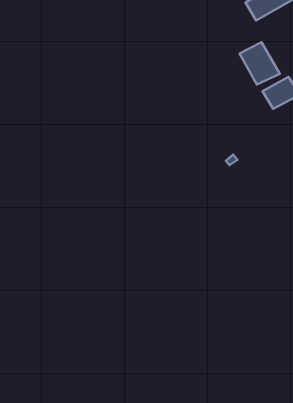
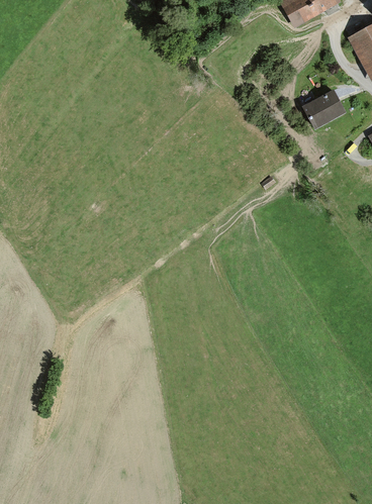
building: [240,42,280,84] -> none

